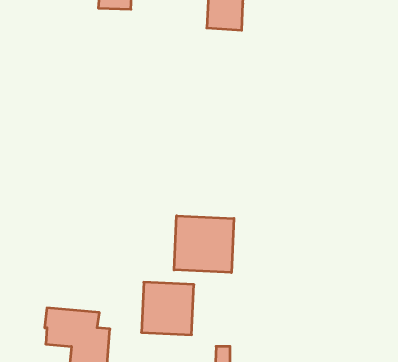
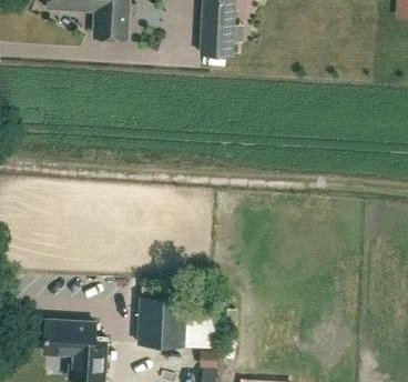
building: [174,216,234,273] -> none

